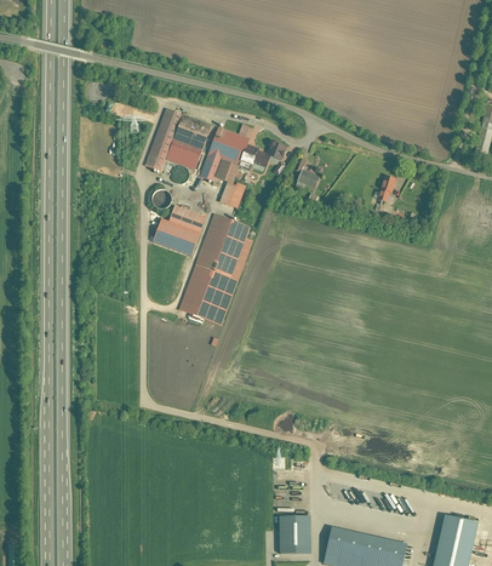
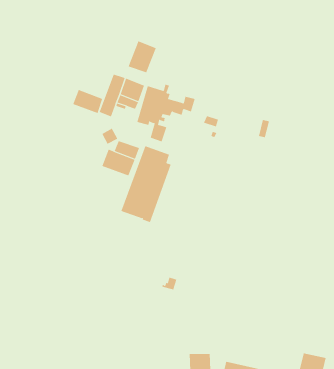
building: none -> [128,40,156,73]
building: none -> [73,89,103,114]

